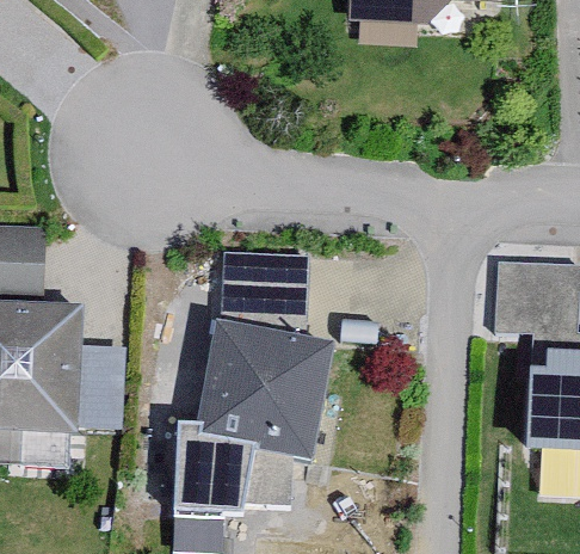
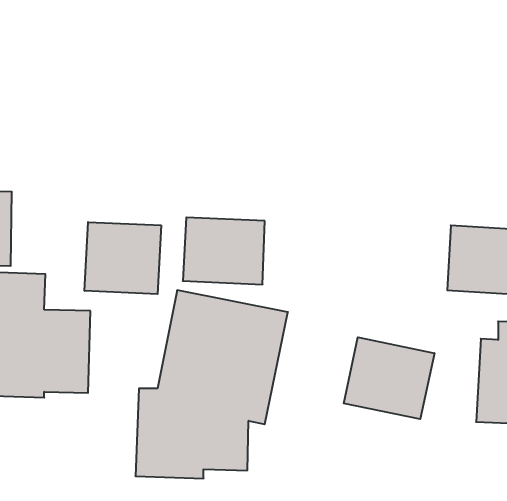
building: none -> [85,222,161,294]
building: none -> [344,337,434,419]

